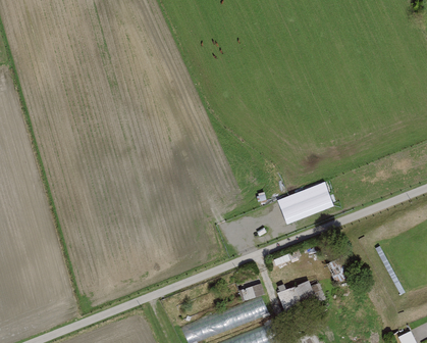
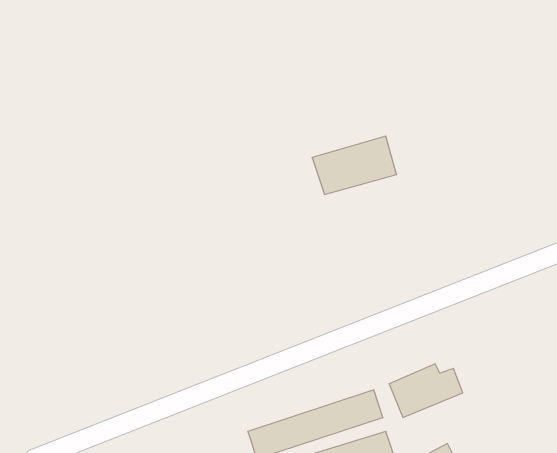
building: [280,183,336,222] -> [312,136,397,194]

